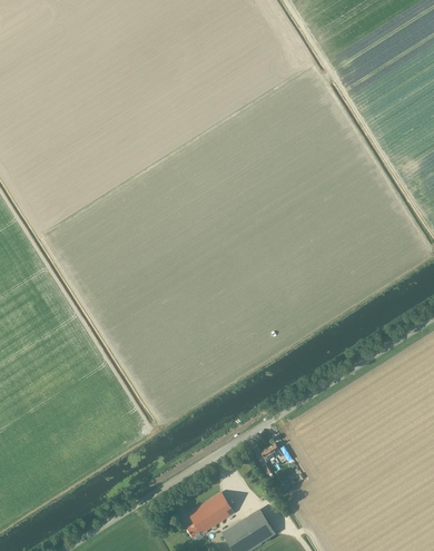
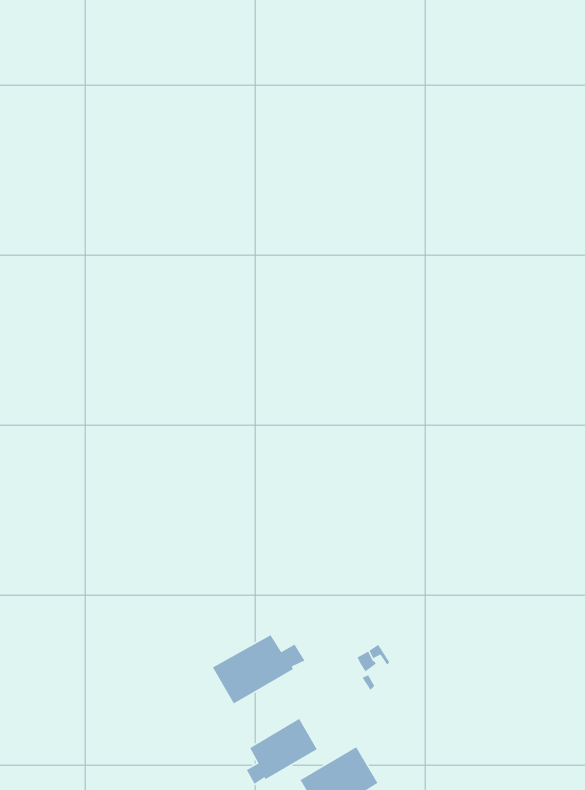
building: none -> [212,634,305,705]

